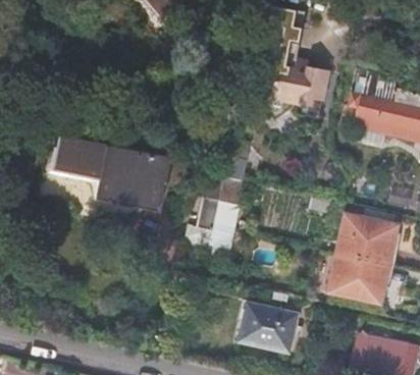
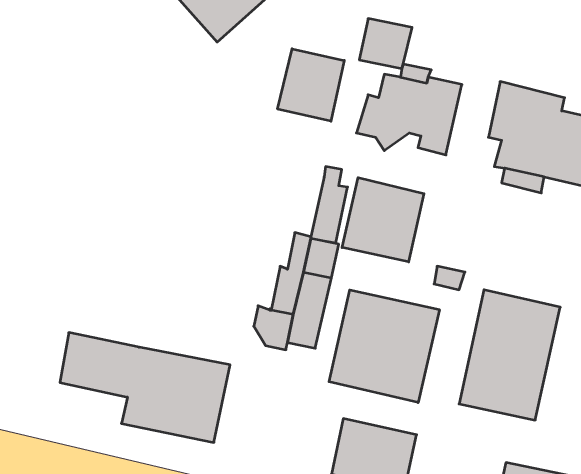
building: none -> [278,49,344,121]
building: none -> [342,178,424,262]
building: [54,136,172,212] -> [60,333,230,442]
building: none -> [329,290,439,403]

